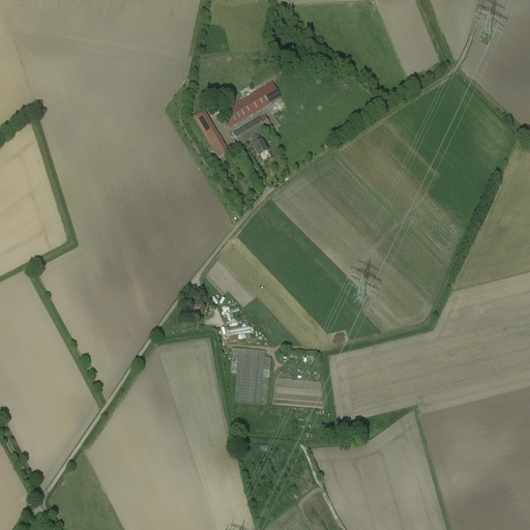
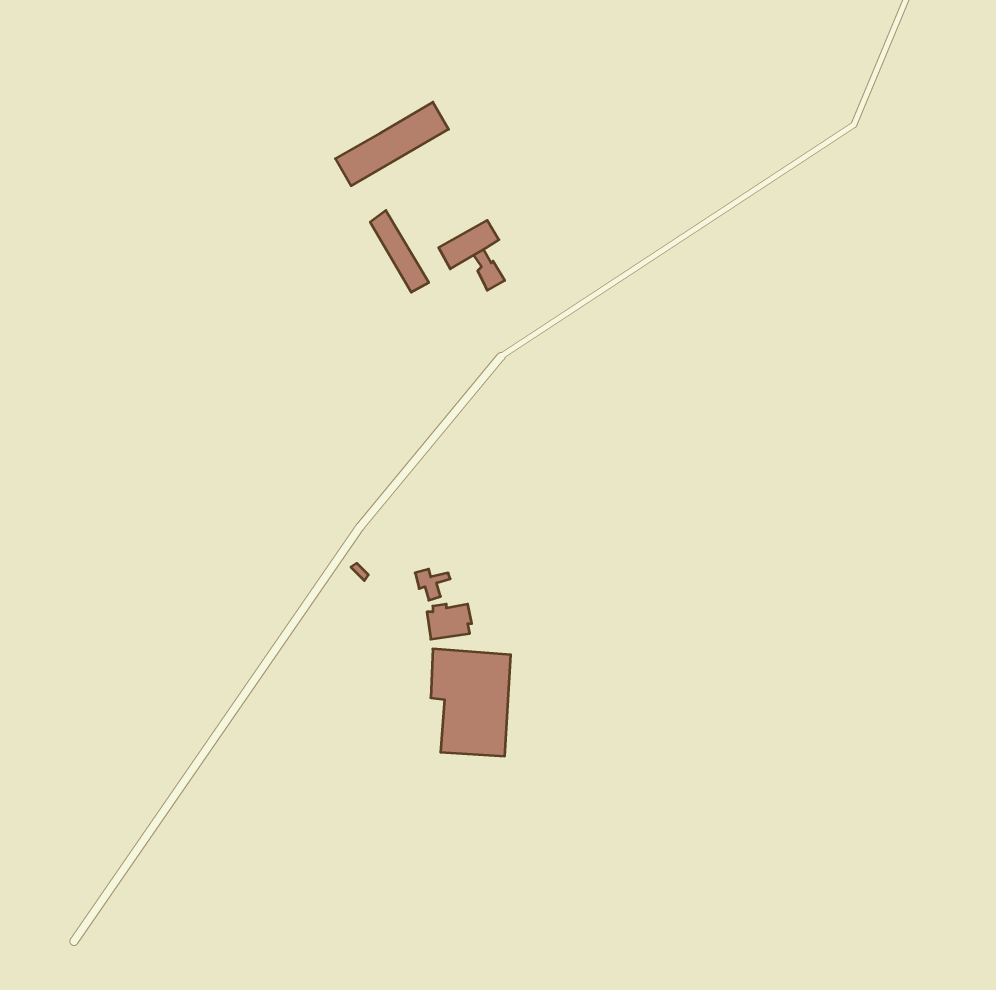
building: [220,81,281,125] -> [335,102,449,186]

